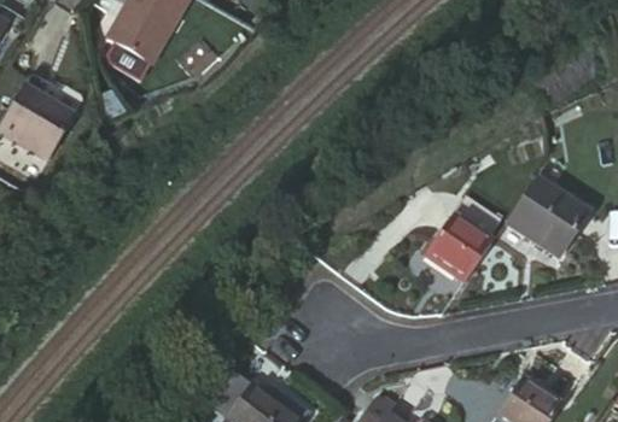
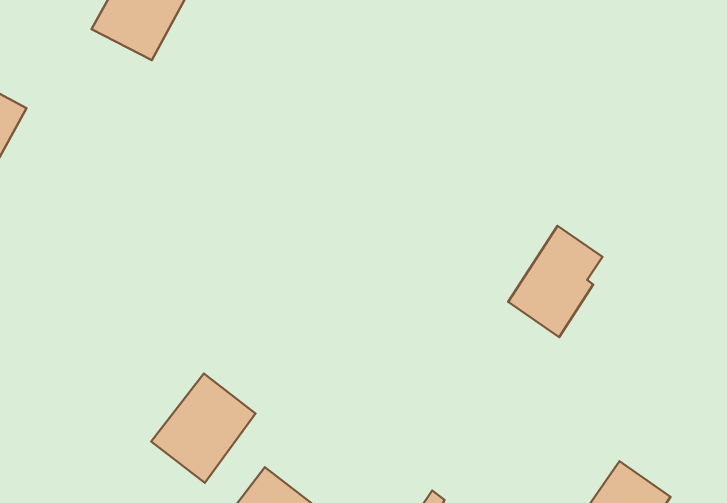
building: [513,175,593,253] -> none
building: none -> [151,373,255,483]

